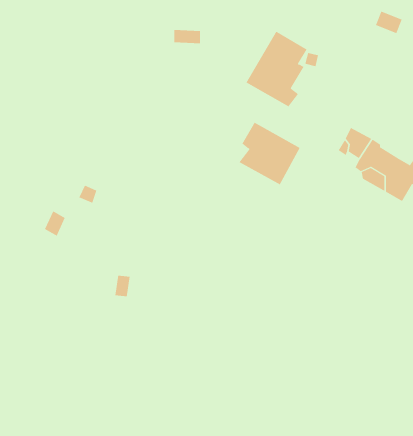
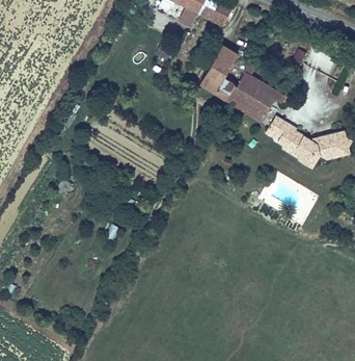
building: [238,122,300,185] -> [231,73,276,119]

